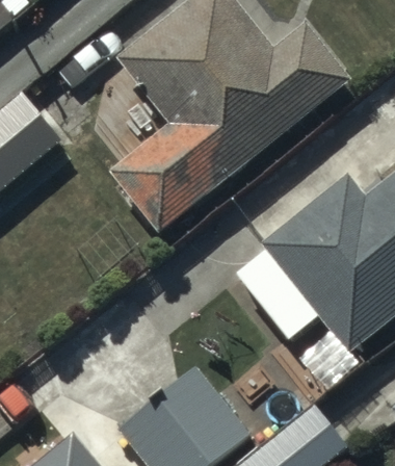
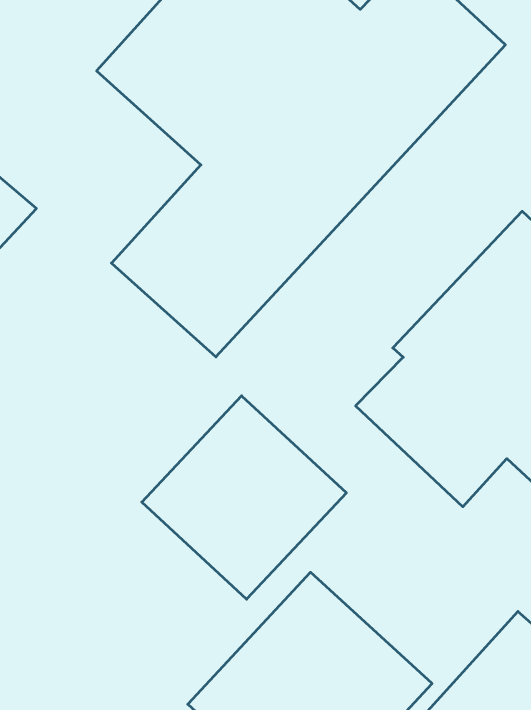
building: none -> [142,396,346,599]

